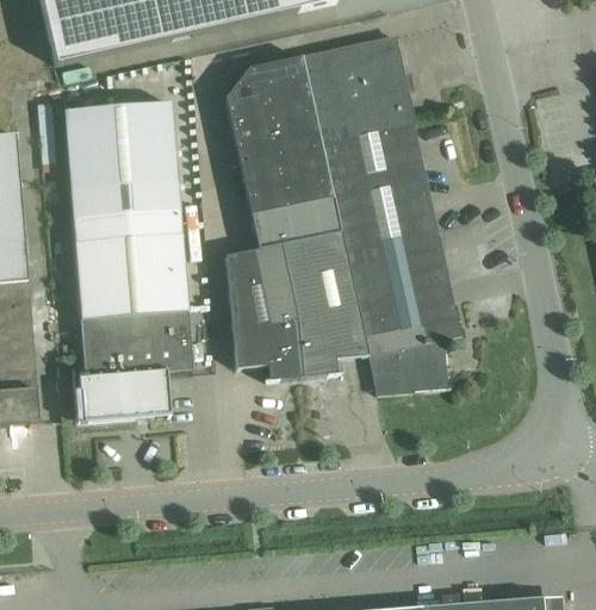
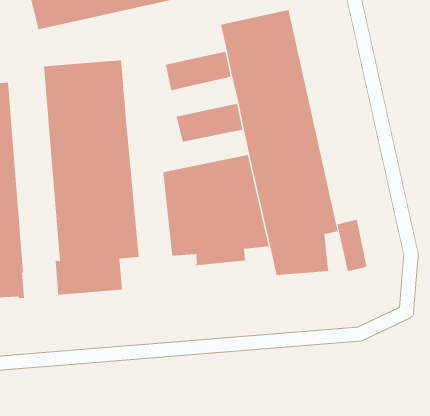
building: [224,54,310,107] -> none
building: [235,124,325,178] -> none
building: [250,195,340,245] -> none
building: none -> [337,219,367,272]

